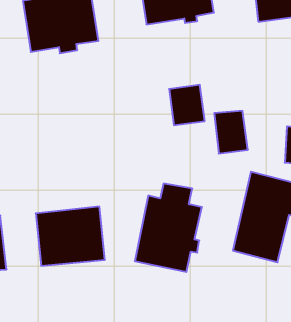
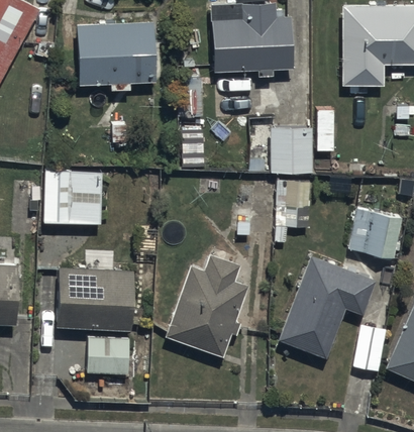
building: [169,85,205,125] -> [275,130,310,172]
building: none -> [46,170,105,224]
building: none -> [87,337,128,374]

